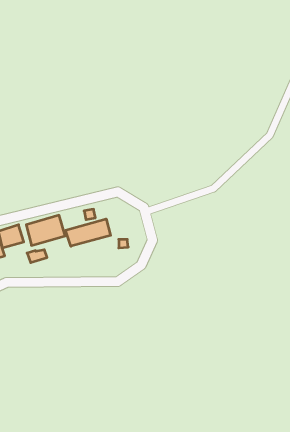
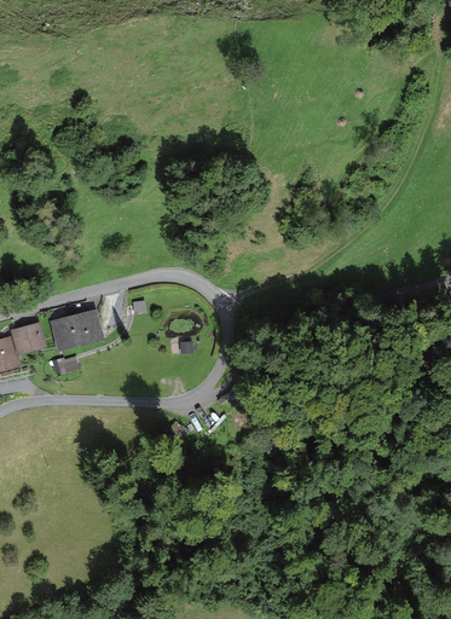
building: [66,219,111,246] -> none

